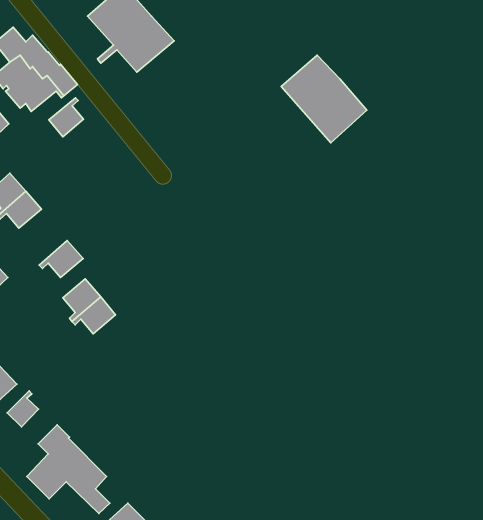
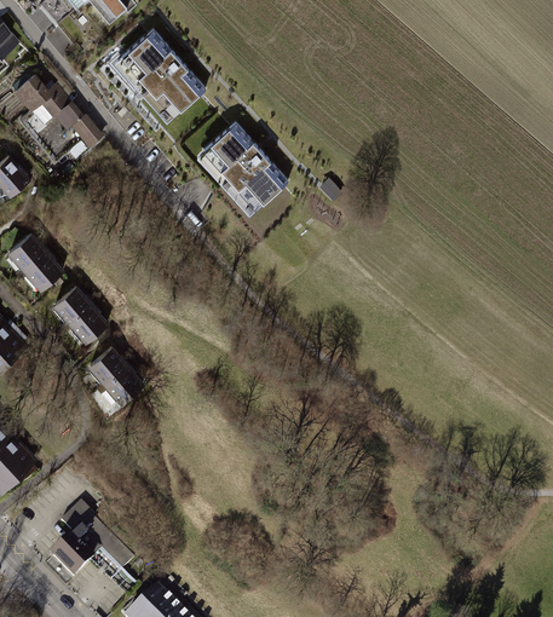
building: [281,55,367,143] -> [196,123,288,218]
building: [49,98,83,137] -> none
building: none -> [52,286,92,331]
building: [7,391,38,427] -> none

